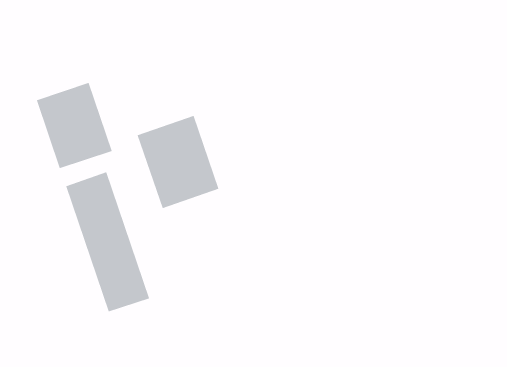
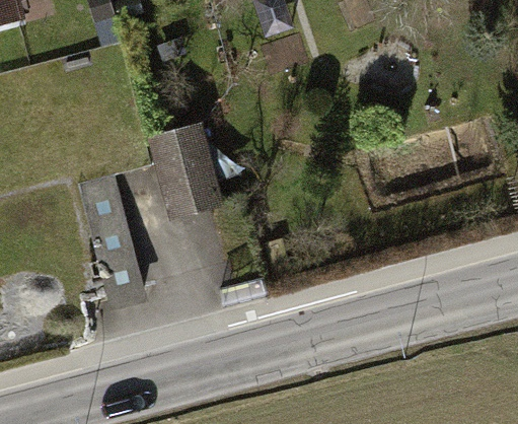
building: [36,82,113,169] -> none

